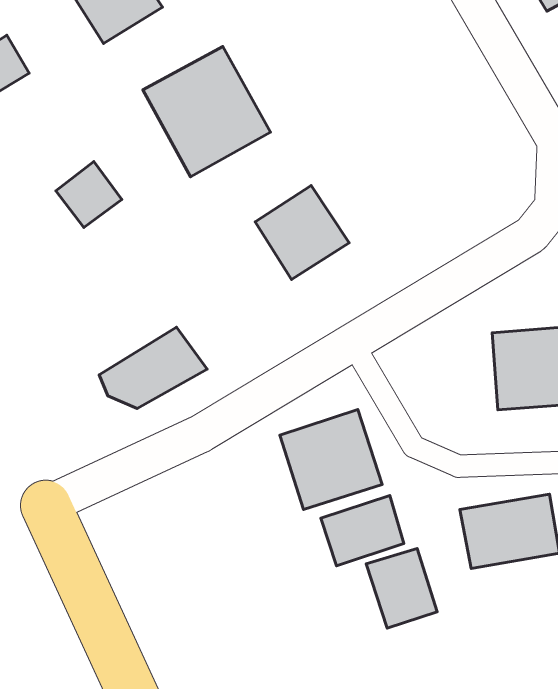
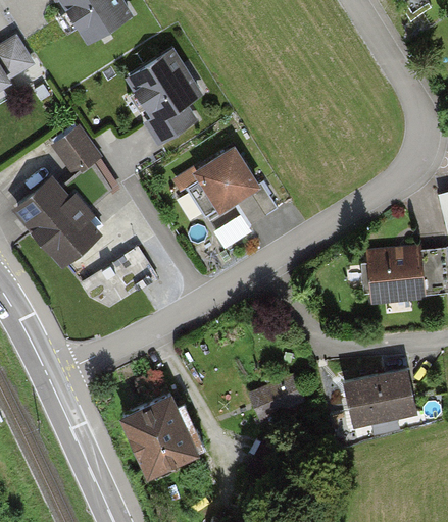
building: none -> [17,176,104,266]
building: [280,409,382,509] -> none
building: none -> [118,395,197,479]
building: [366,548,437,628] -> none

